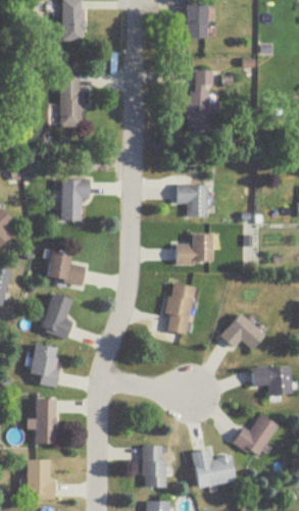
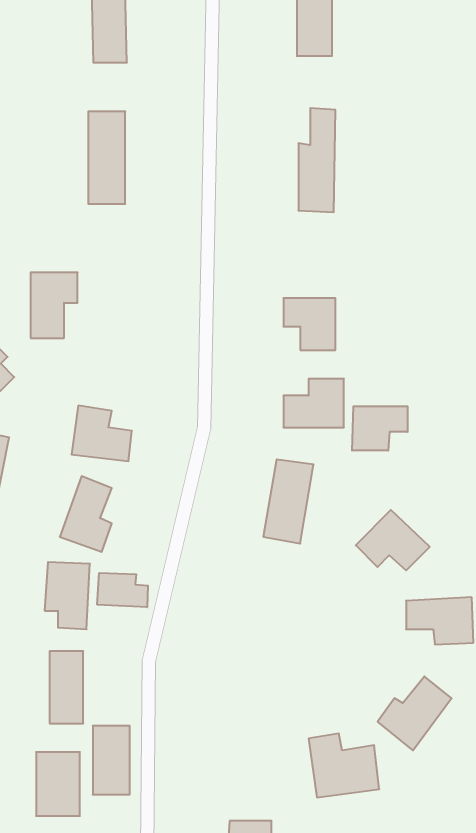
building: [61,180,90,219] -> [31,272,78,338]
building: none -> [352,406,408,451]
building: none -> [97,573,148,607]
building: [143,446,165,488] -> [93,726,130,795]

